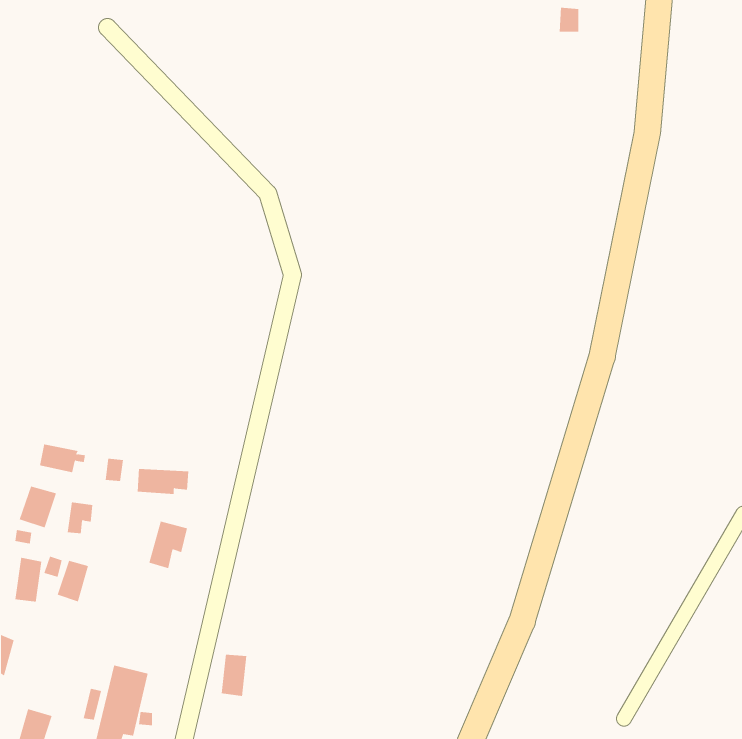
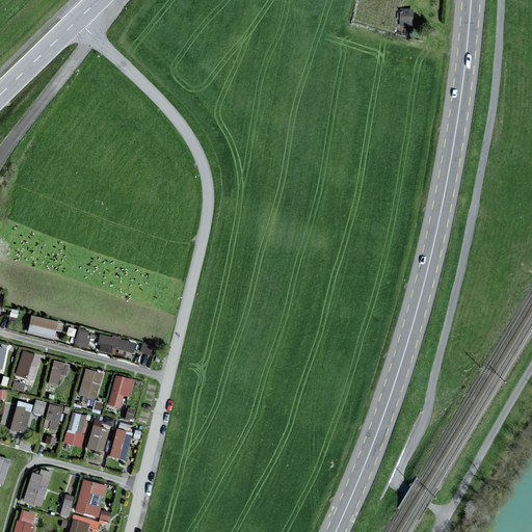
building: none -> [80,369,102,398]
building: none -> [63,413,88,448]
building: none -> [87,426,109,453]
building: none -> [25,470,50,507]
building: [221,654,247,696] -> [112,430,131,460]

